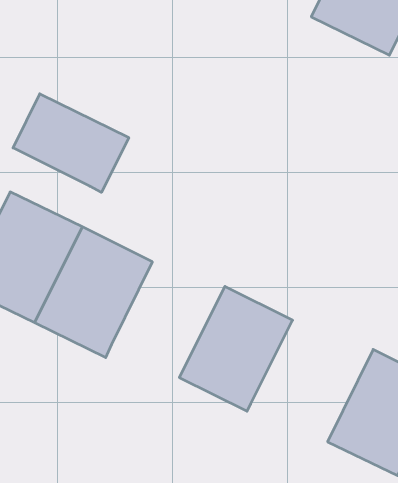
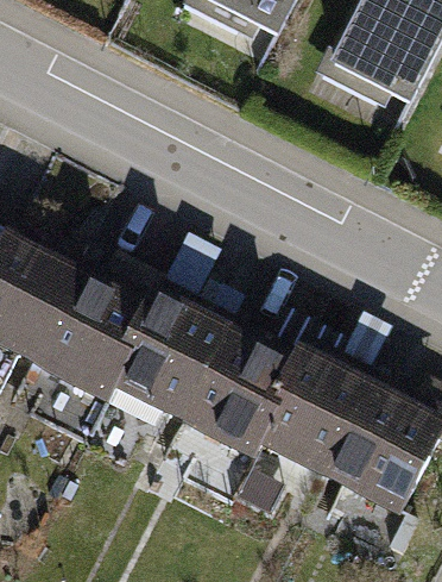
building: [13,94,129,192] -> none
building: none -> [125,298,240,425]
building: none -> [266,358,391,490]

